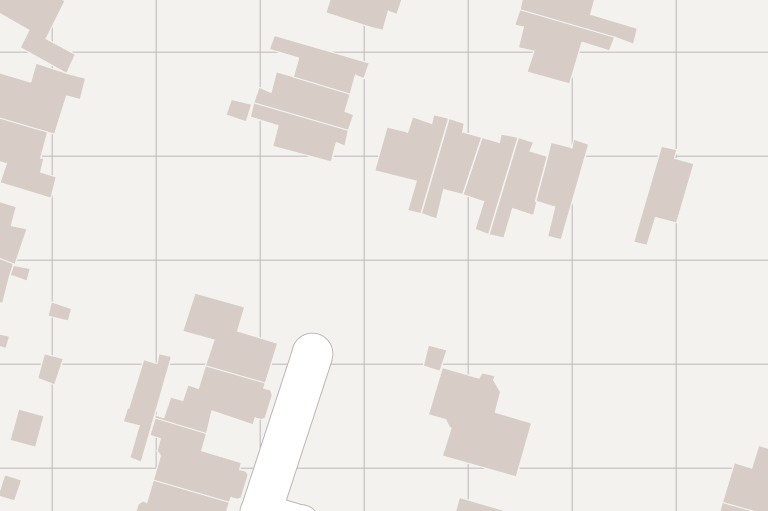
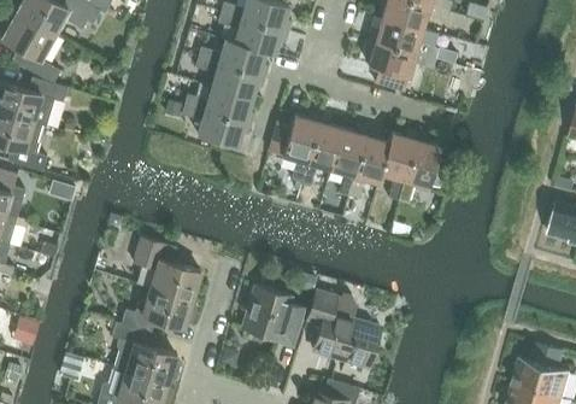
building: none -> [198,37,266,76]
building: [633,147,694,245] -> [398,133,440,201]
building: [123,354,171,462] -> none
building: none -> [242,286,305,346]

